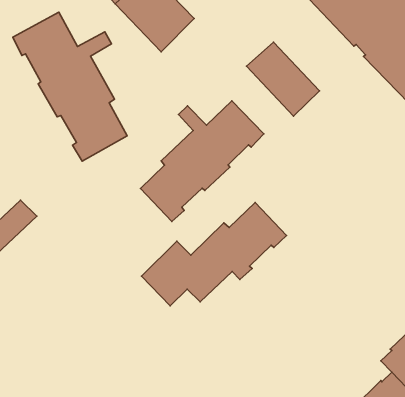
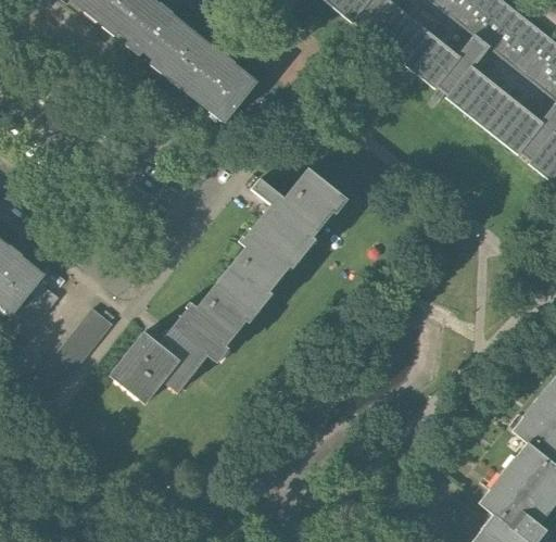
building: [13,12,127,161] -> none
building: [247,42,320,116] -> none
building: [141,202,286,306] -> [109,276,262,402]

